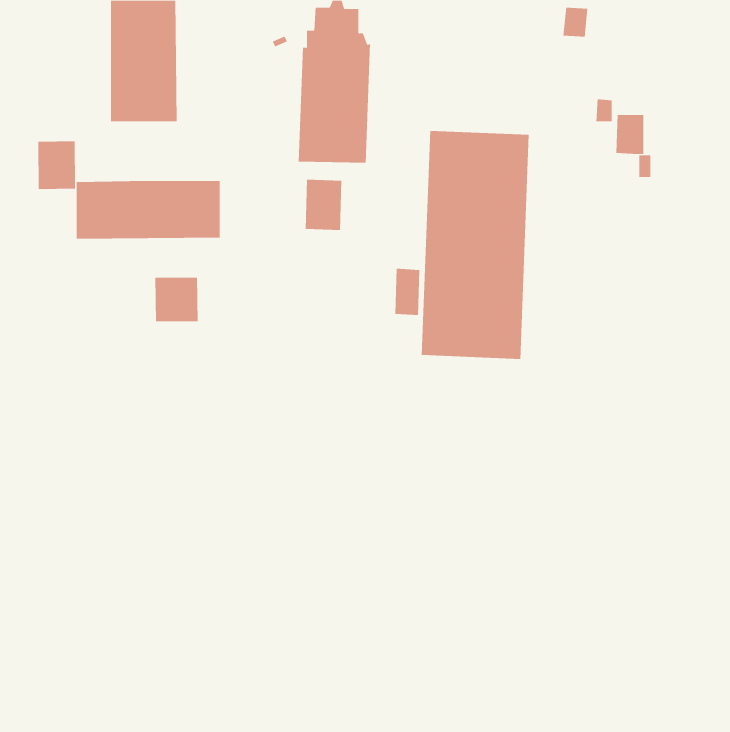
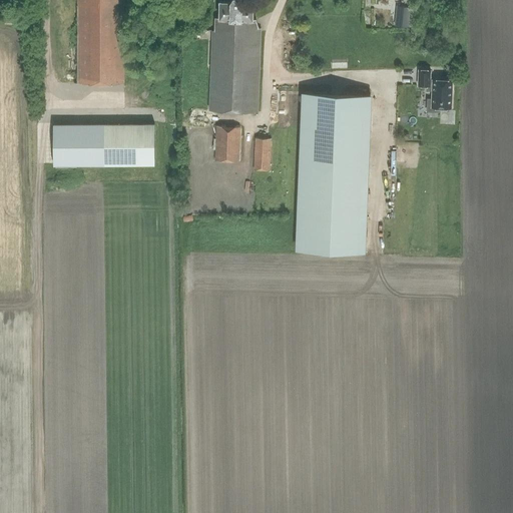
building: [38,140,76,190] -> none
building: [395,268,420,316] -> [252,137,271,170]
building: [155,277,198,322] -> none

